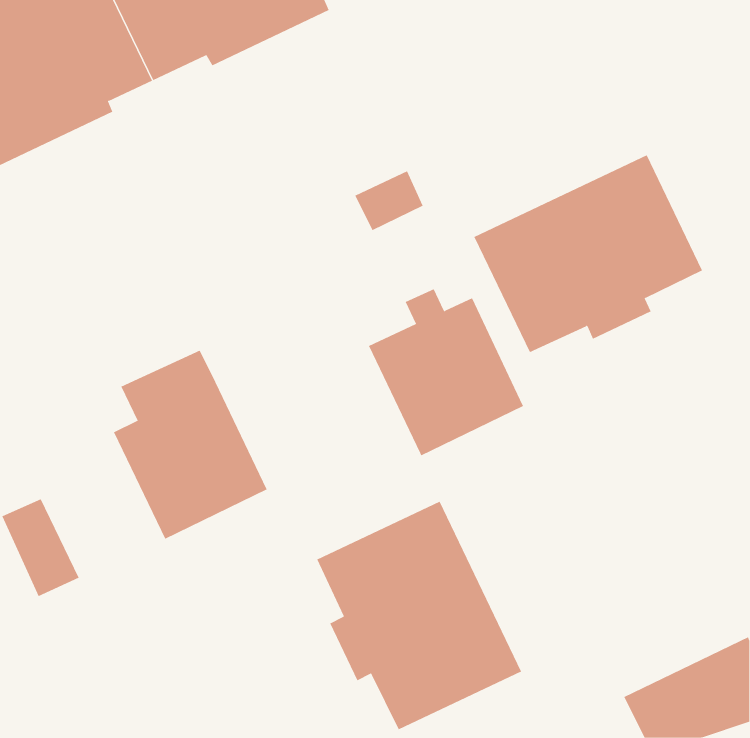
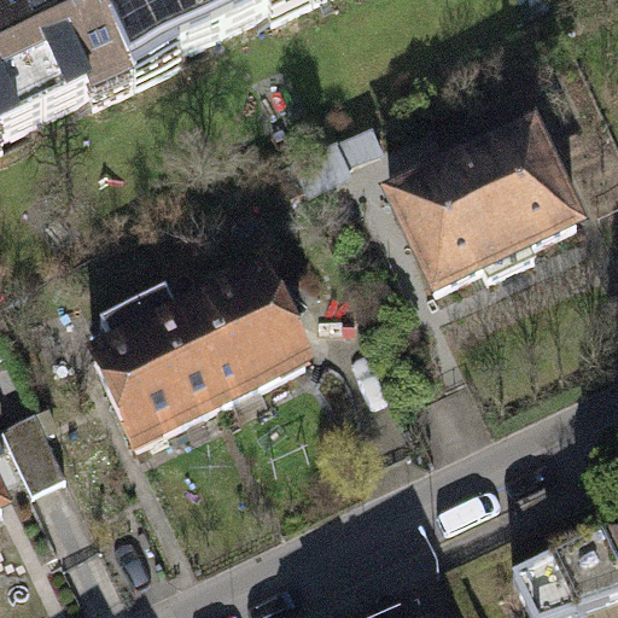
building: [368,289,524,456] -> [177,267,305,404]
building: [317,501,522,730] -> none

